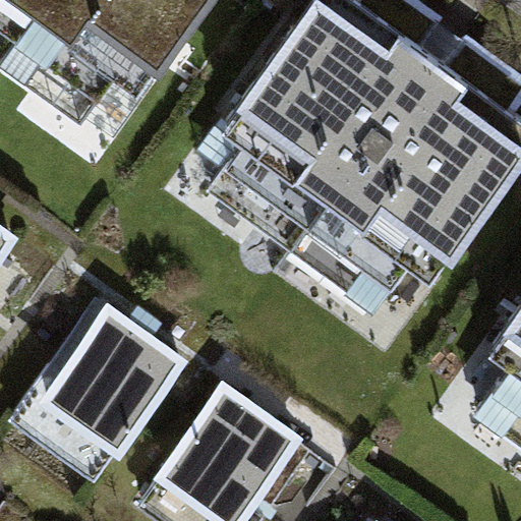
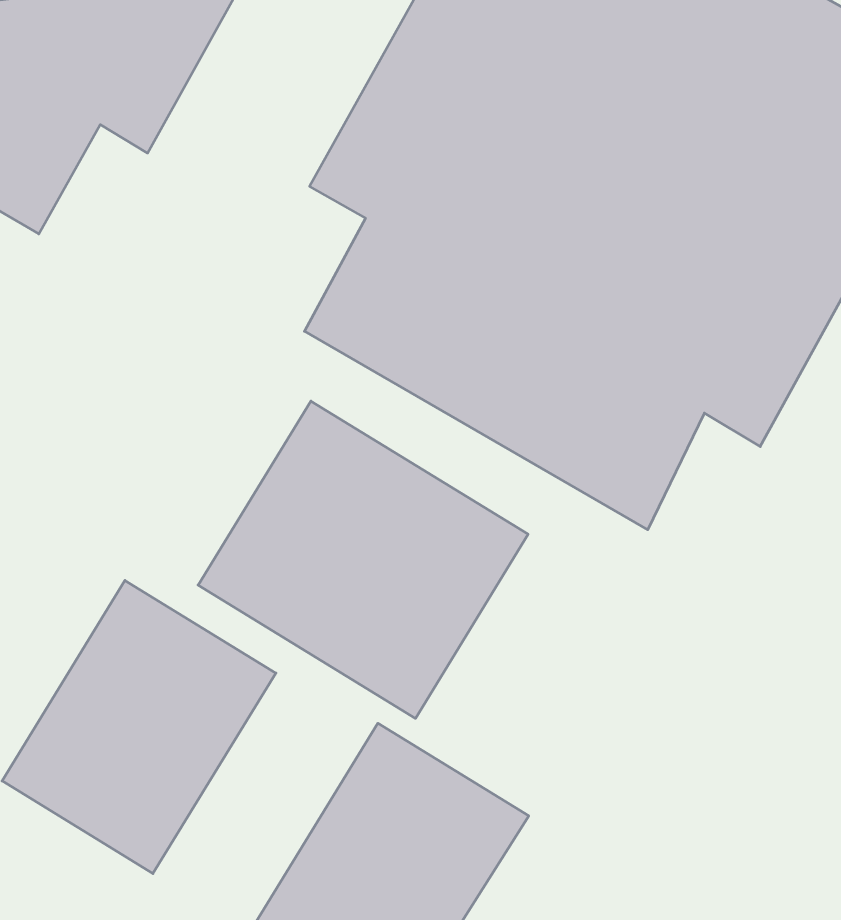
building: none -> [198,401,528,718]

